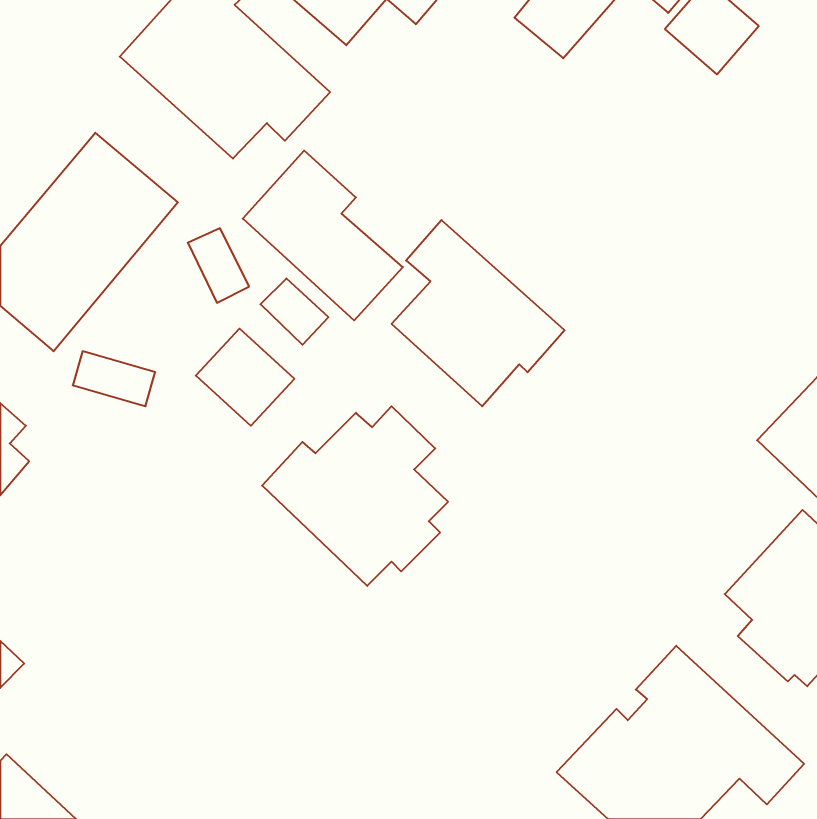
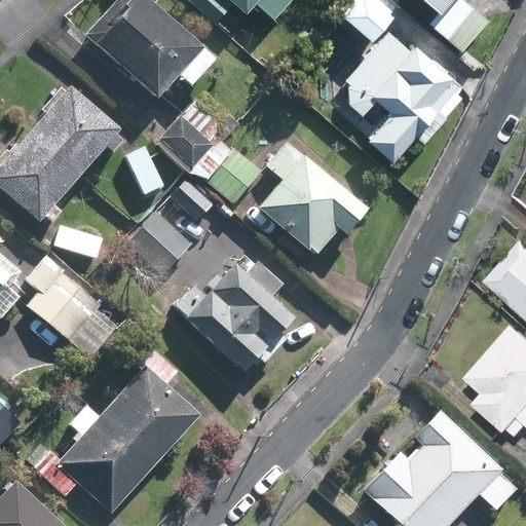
building: none -> [345,28,468,159]
building: none -> [27,255,119,359]
building: none -> [26,348,199,513]

